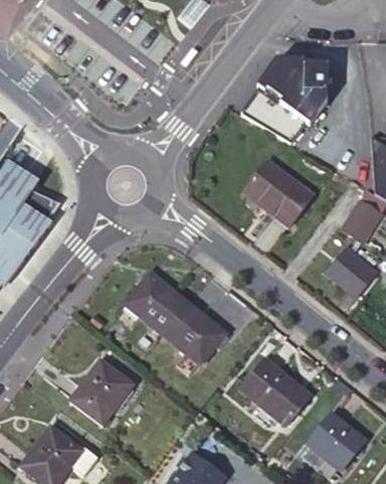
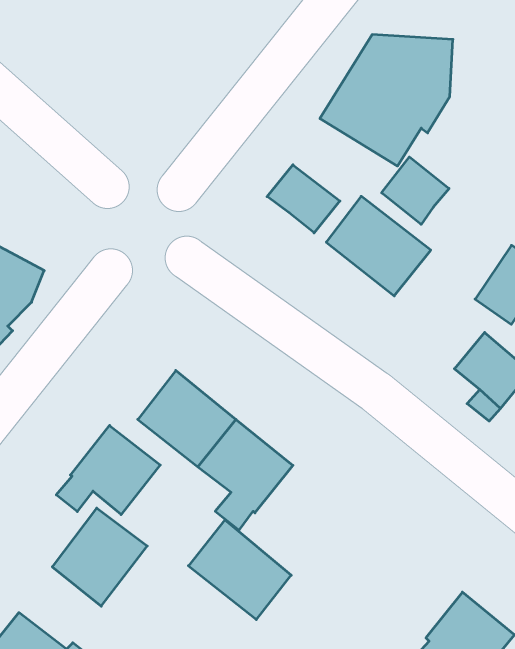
building: none -> [382,157,449,224]
building: none -> [267,165,340,233]
building: none -> [56,425,160,515]
building: [242,358,308,422] -> [188,520,291,620]

